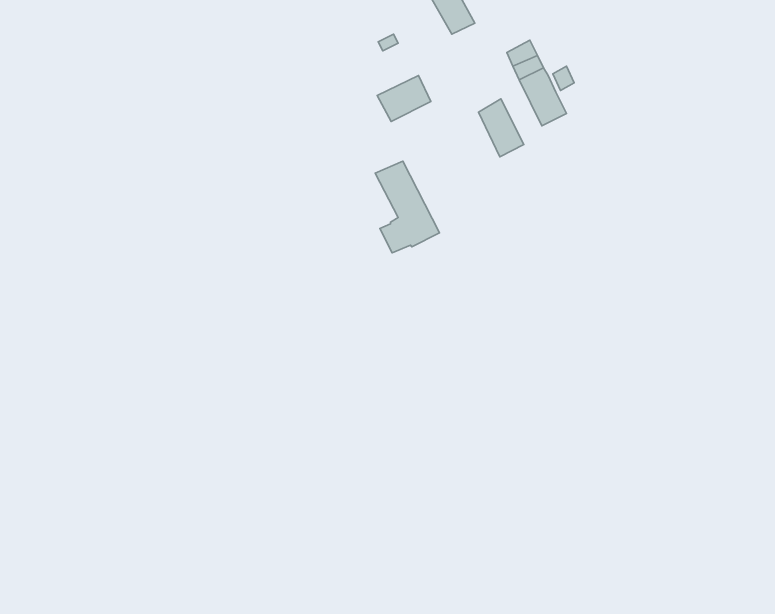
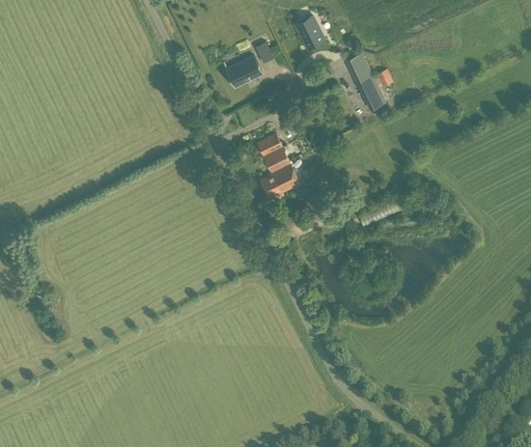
building: [377,76,431,121] -> [228,60,264,91]
building: [478,99,524,157] -> none

